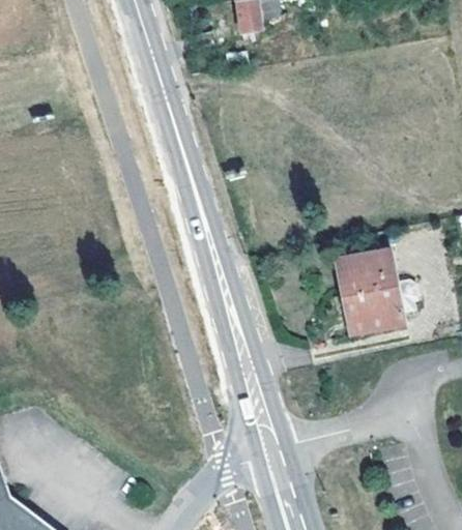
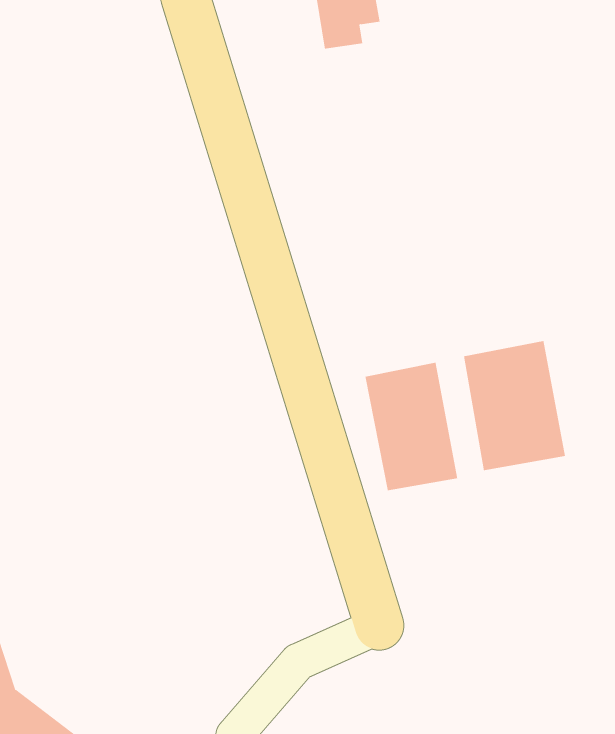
building: none -> [365,362,458,491]

